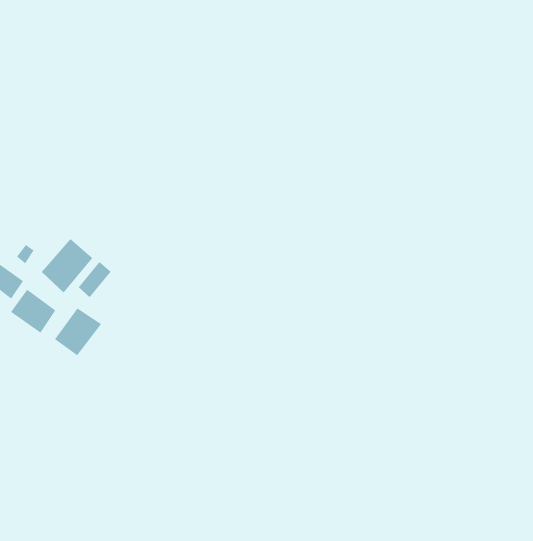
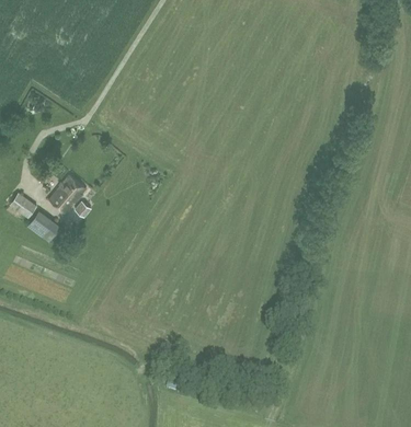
building: [54,307,102,356] -> none

